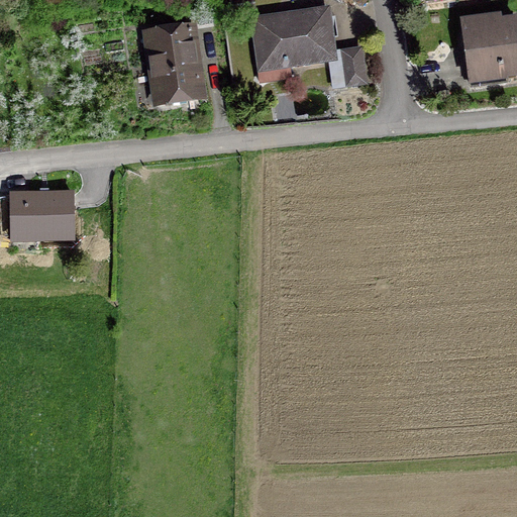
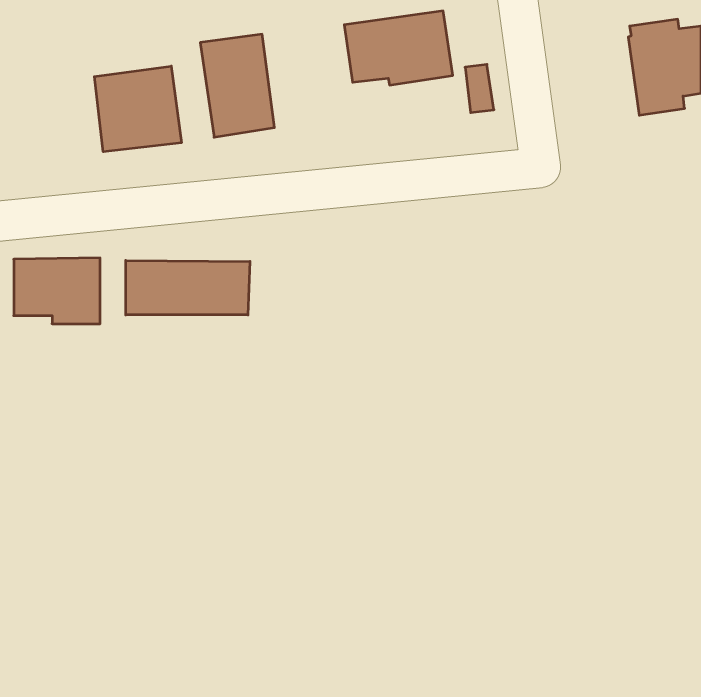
building: none -> [94,66,181,152]
building: none -> [126,260,250,315]

